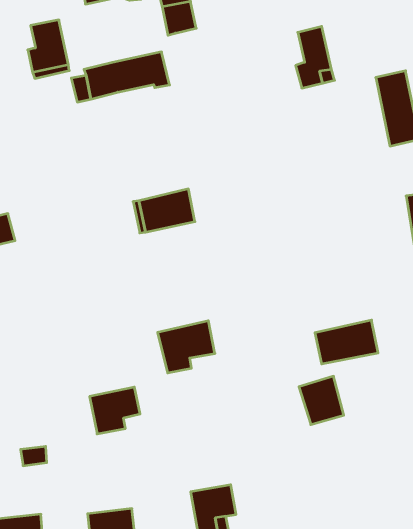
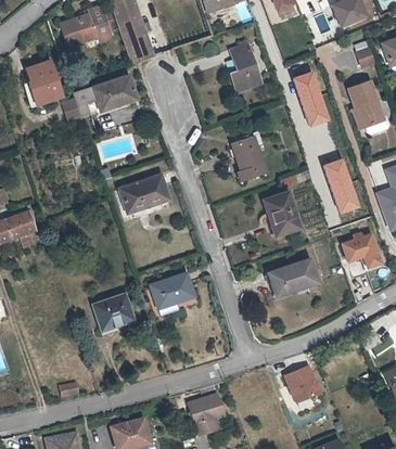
building: none -> [231,132,267,183]
building: none -> [263,192,299,233]
building: [299,376,344,425] -> [282,364,318,402]
building: [90,387,140,434] -> [93,293,132,331]

